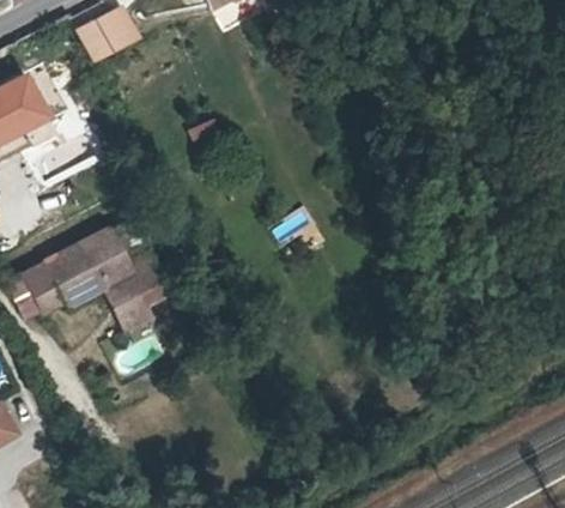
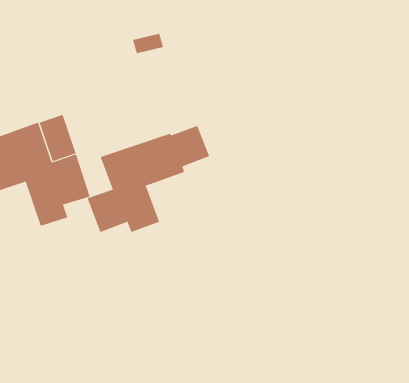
building: none -> [87,125,210,233]

